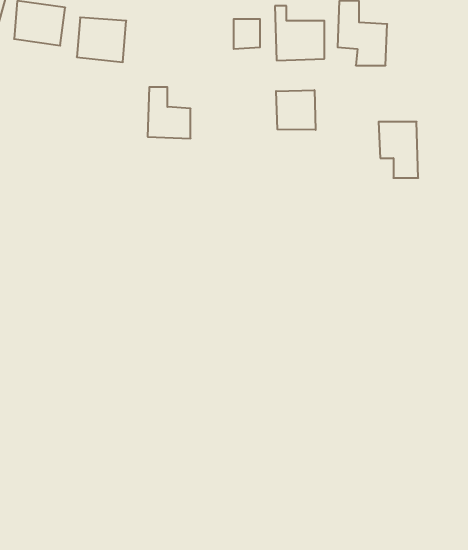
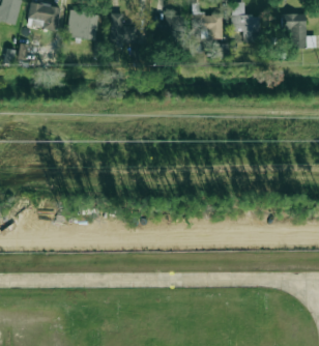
building: [148,87,191,138] -> [111,11,138,44]
building: [276,90,316,130] -> none
building: [379,122,418,178] -> [282,12,307,48]

